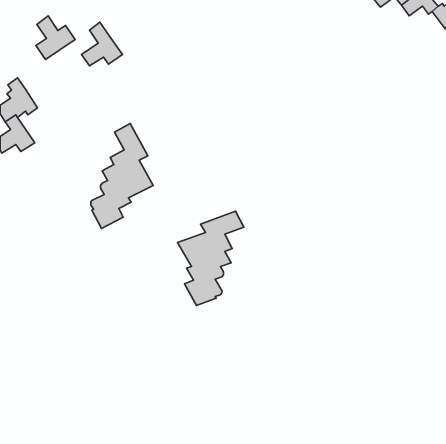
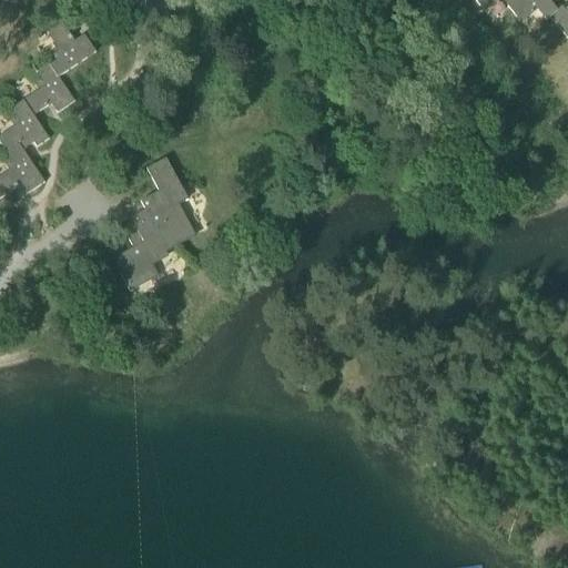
building: [82,22,123,66] -> [23,58,75,113]
building: [178,211,244,306] -> none

